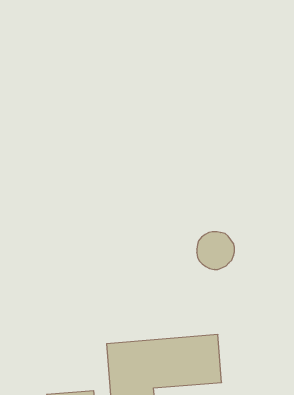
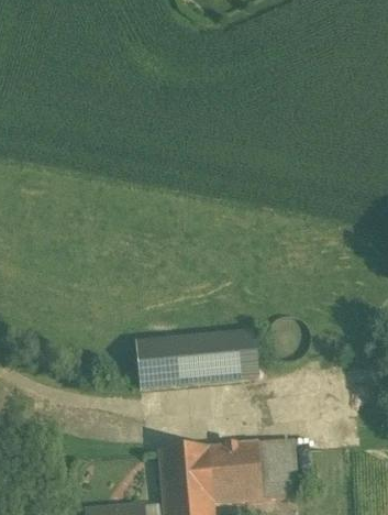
building: none -> [136,331,259,386]

